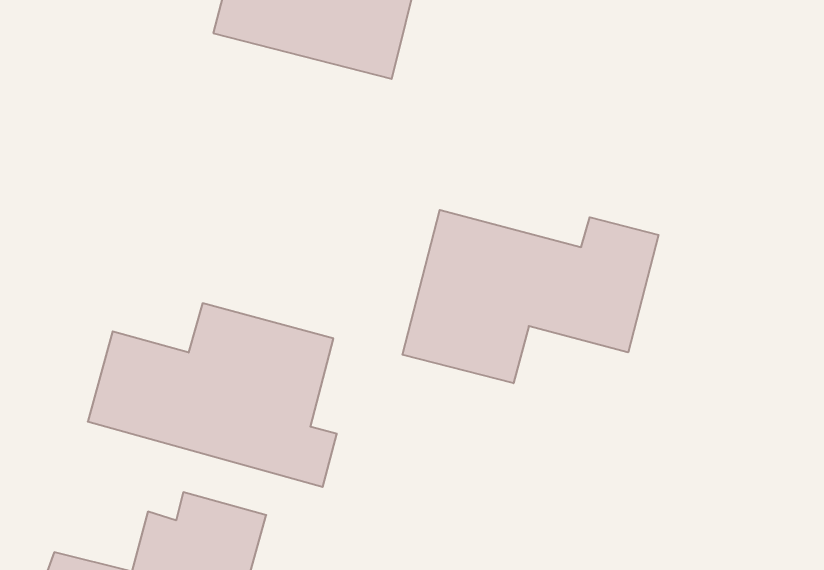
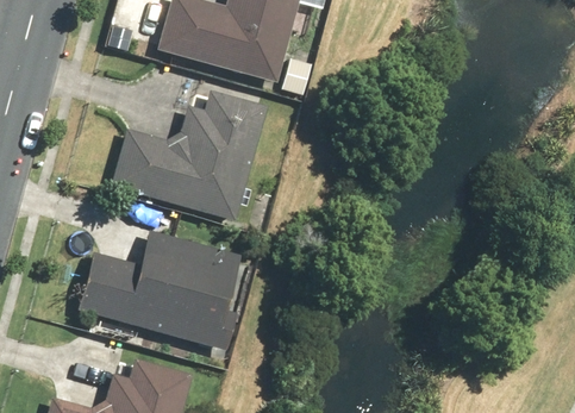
building: none -> [112,90,265,219]
building: [402,210,659,383] -> none

